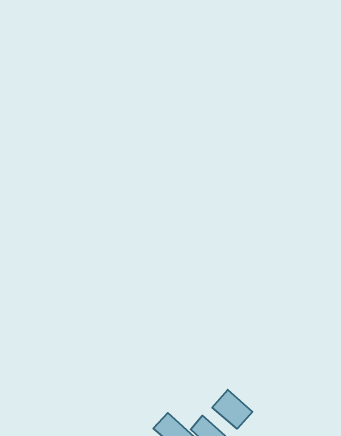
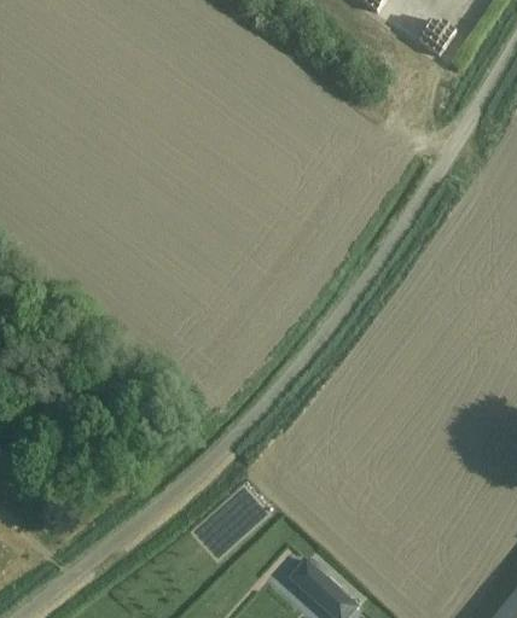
building: [212,390,252,429] -> none

